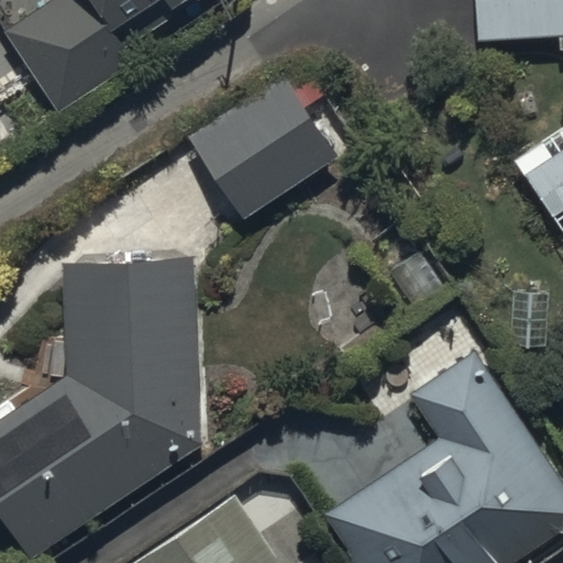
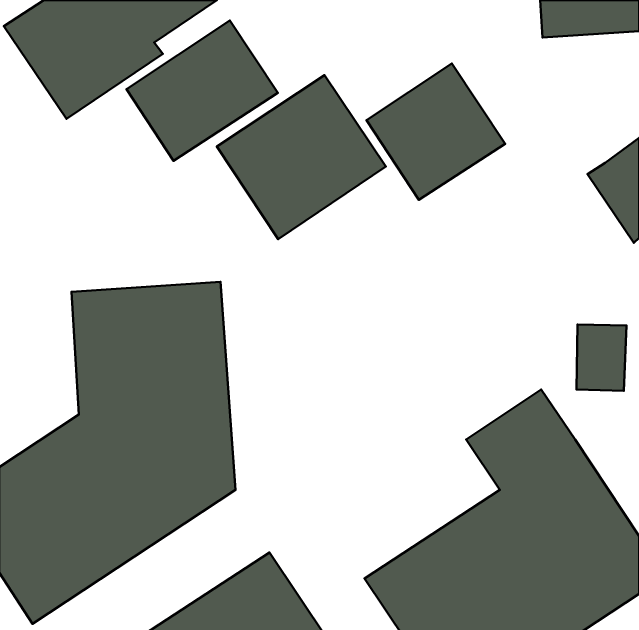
building: none -> [127,21,278,161]
building: none -> [367,64,505,200]

